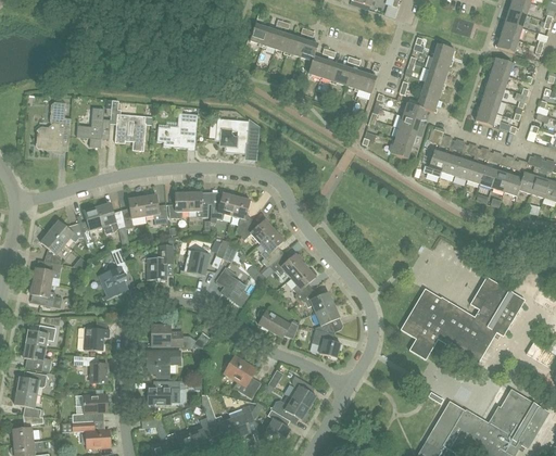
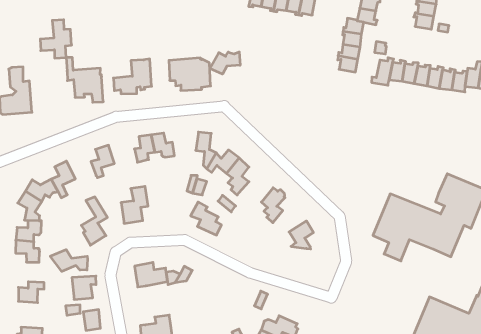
building: [76,106,110,147] -> [40,20,72,58]
building: none -> [210,52,240,74]
building: [211,190,237,221] -> none
building: [142,191,167,224] -> none
building: [97,202,125,232] -> none
building: [184,248,210,274] -> none
building: [269,252,305,277] -> none
building: [301,288,334,312] -> none
building: none -> [50,250,88,271]
building: [257,308,299,338] -> none
building: [312,327,341,356] -> none
building: [23,342,51,370] -> none
building: [147,349,180,376] -> none
building: [224,354,260,397] -> none
building: [292,375,316,407] -> none

